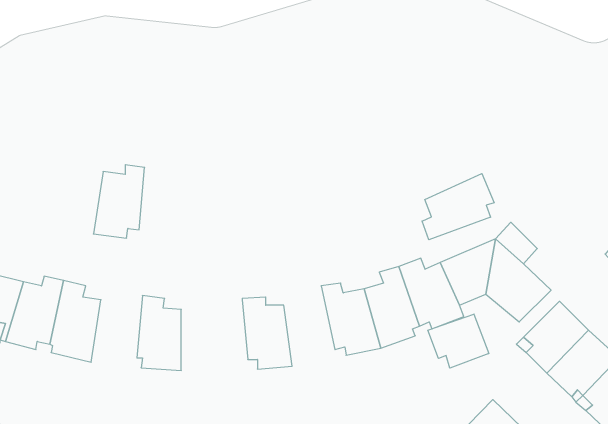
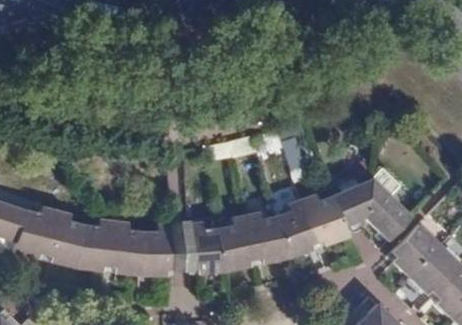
building: [93,165,145,238] -> [78,219,115,272]
building: [422,174,494,240] -> none
building: none -> [218,214,256,272]
building: none -> [144,225,176,275]
building: [428,314,489,368] -> none

